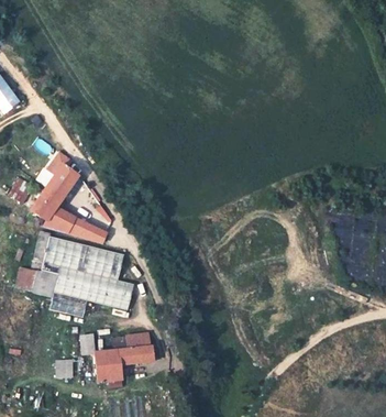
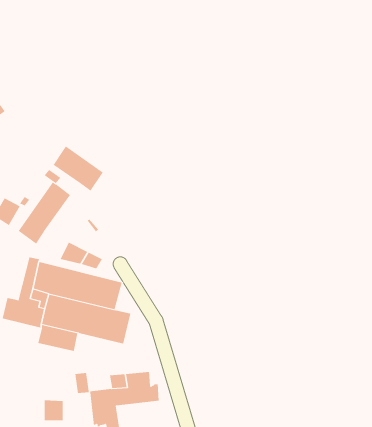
building: none -> [53,146,104,192]
building: [44,207,77,233] -> none

